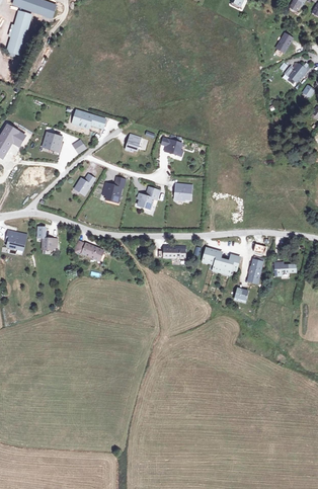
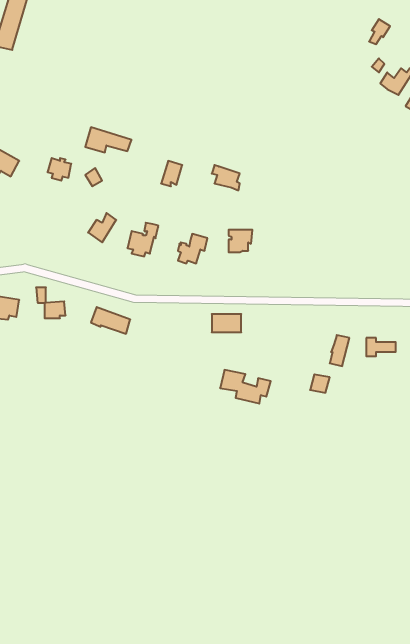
building: [203,248,239,272] -> [220,370,271,404]

